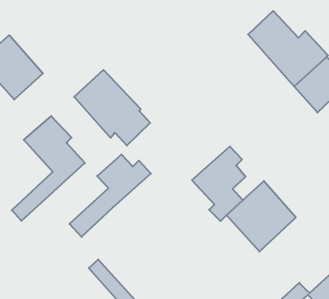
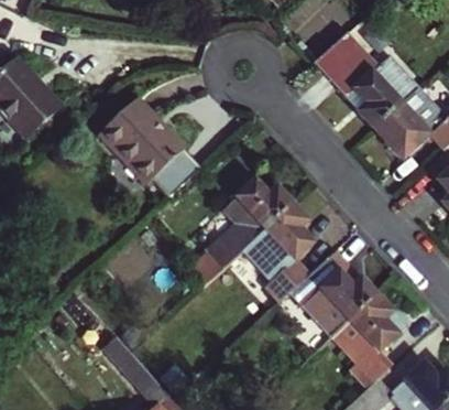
building: [12,116,85,221] -> none
building: [69,154,151,237] -> [190,180,294,284]
building: none -> [331,294,407,392]

